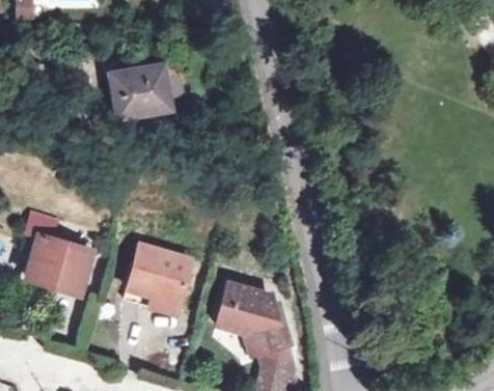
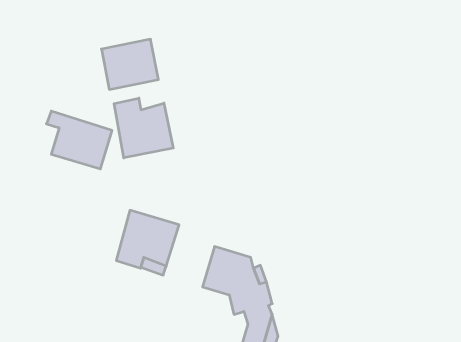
building: none -> [114,98,173,158]
building: [23,232,92,294] -> [46,111,112,169]

